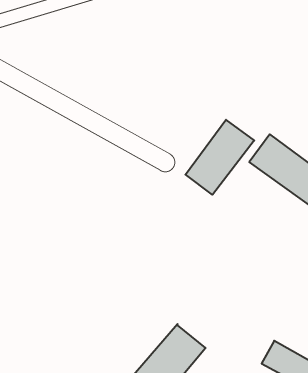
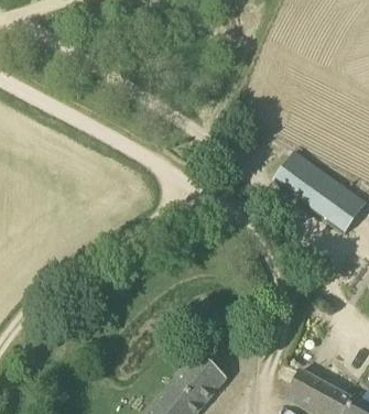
building: [185,120,254,195] -> none

